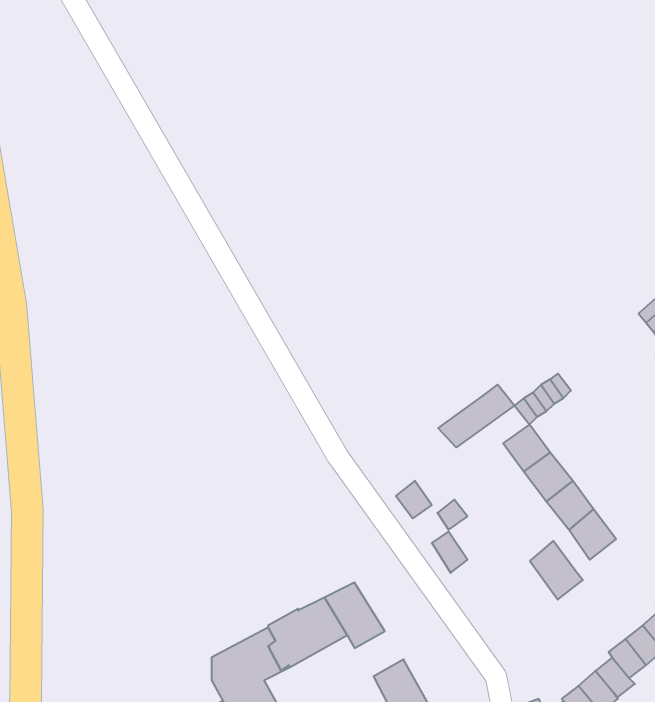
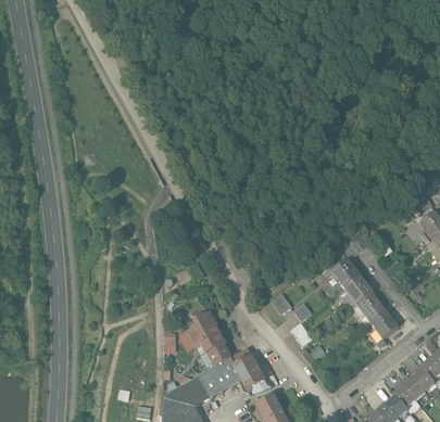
building: [438,385,515,447] -> none
building: none -> [186,315,228,367]
building: [530,541,583,600] -> none

